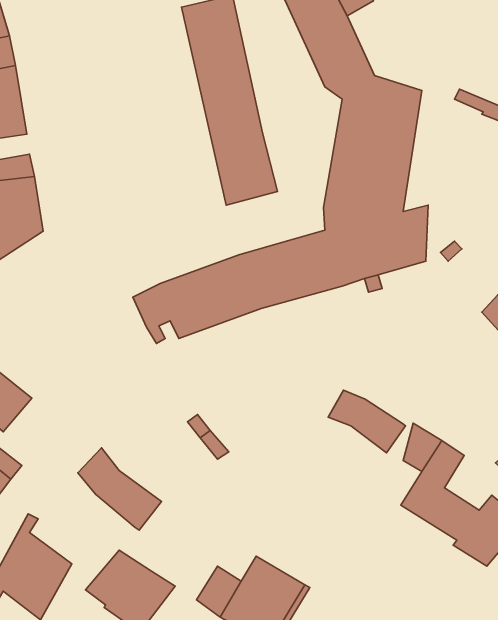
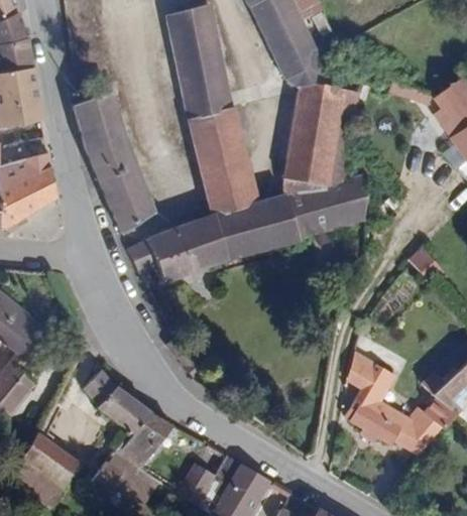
building: none -> [72,89,153,234]
building: none -> [203,162,254,214]
building: [328,390,406,453] -> none
building: none -> [116,413,172,470]

